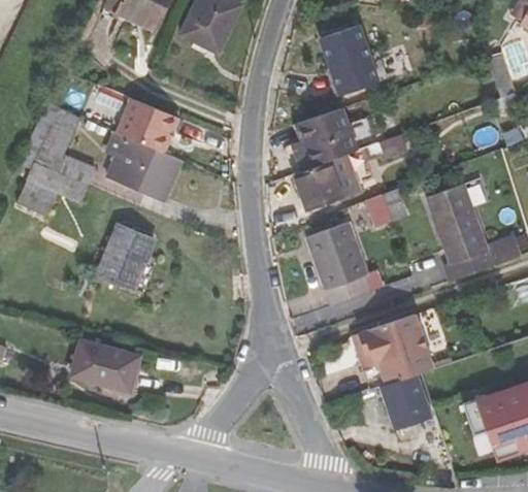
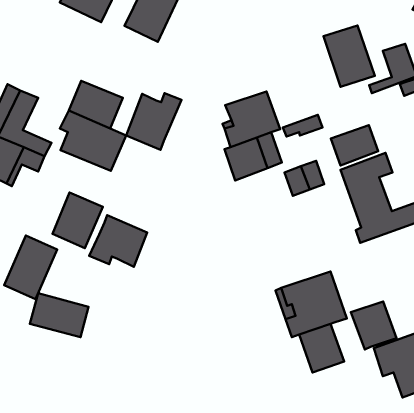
building: [320,26,378,96] -> [323,25,375,87]
building: none -> [126,93,182,150]
building: none -> [331,125,378,165]
building: [305,222,388,305] -> none
building: none -> [89,215,147,267]
building: none -> [4,236,57,299]
building: none -> [351,302,397,349]

